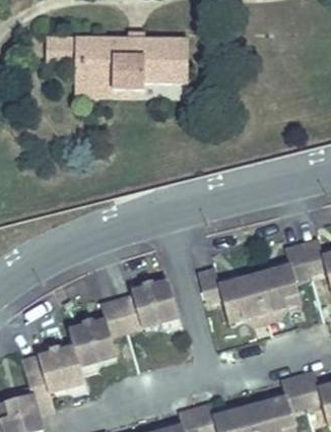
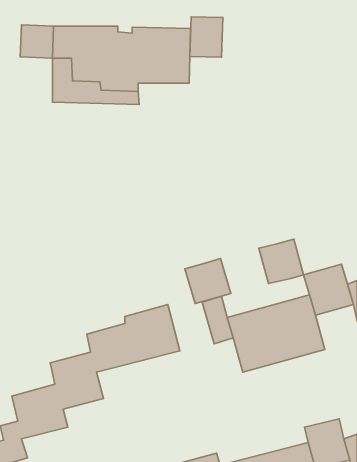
building: none -> [190,17,223,57]
building: none -> [259,239,303,284]
building: none -> [185,259,231,304]

